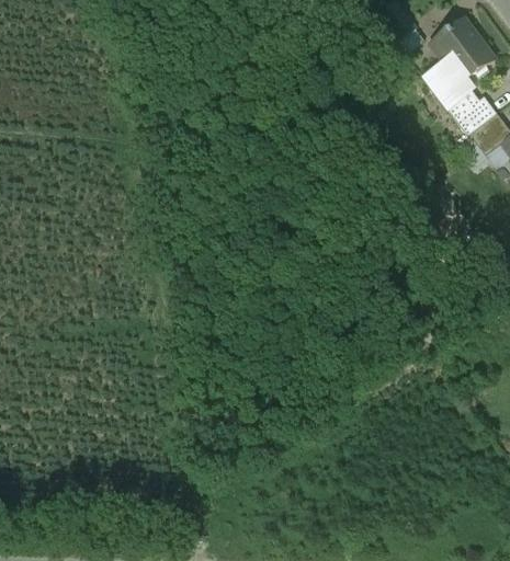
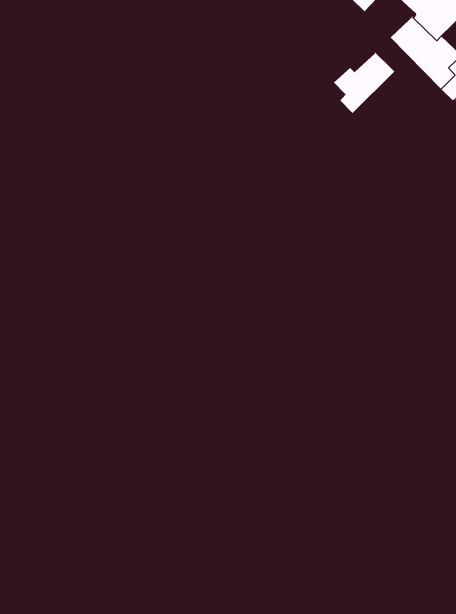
building: none -> [333,49,395,114]

